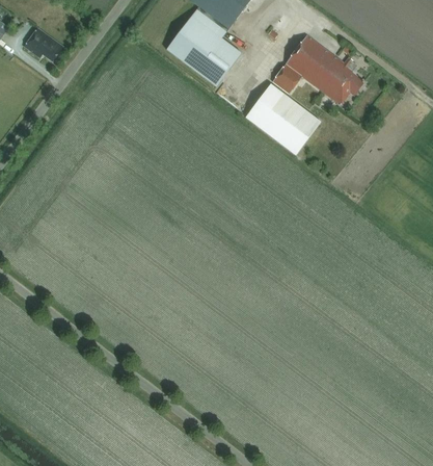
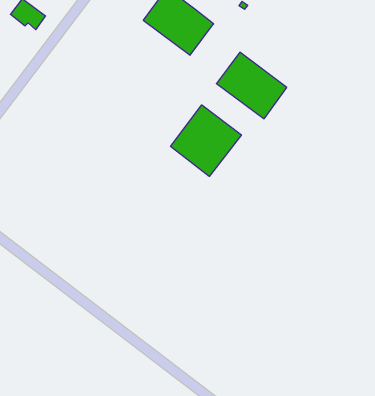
building: [271,34,363,104] -> none
building: none -> [171,105,241,176]

